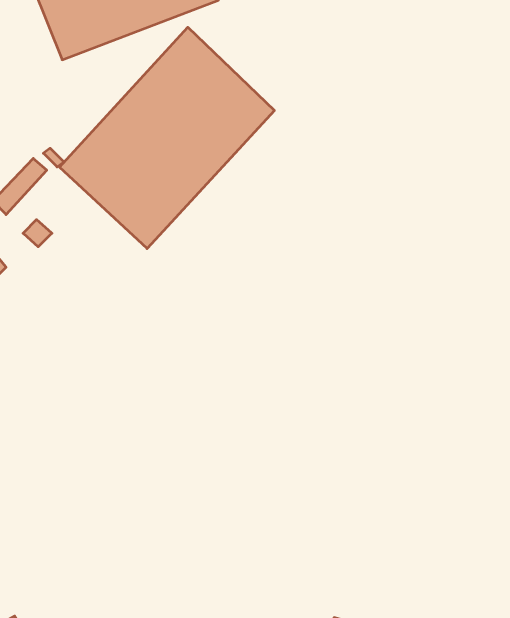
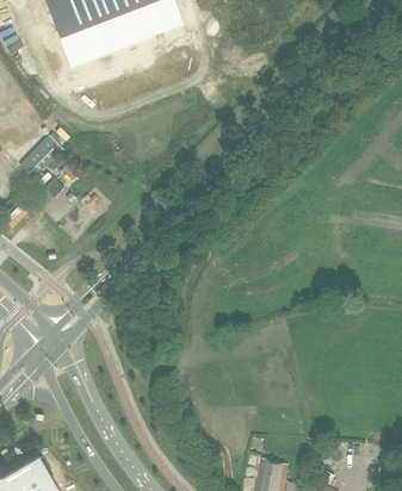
building: [60,27,274,249] -> none

